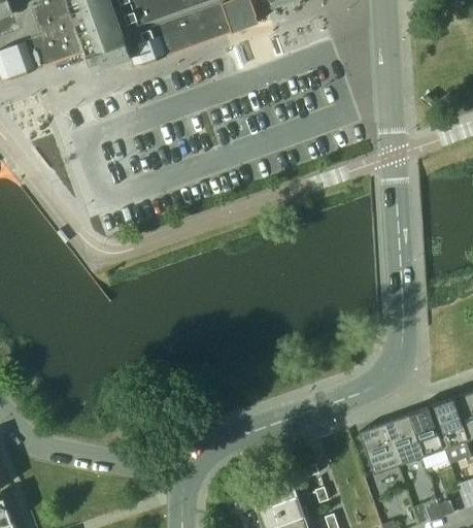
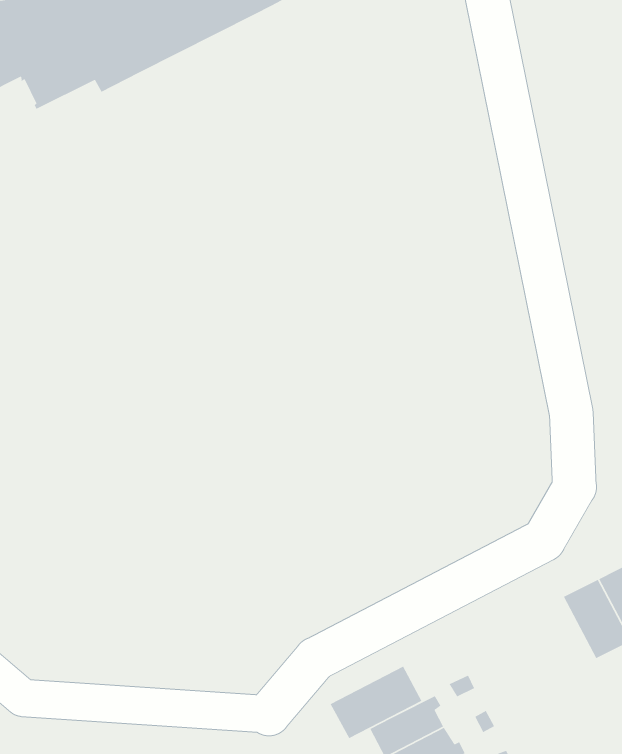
building: [359,423,398,473] -> none
building: none -> [330,666,423,739]

